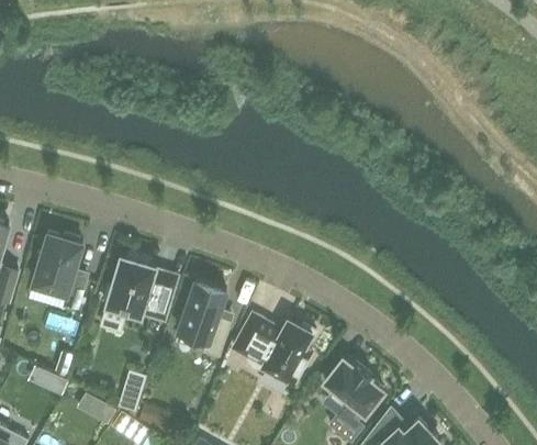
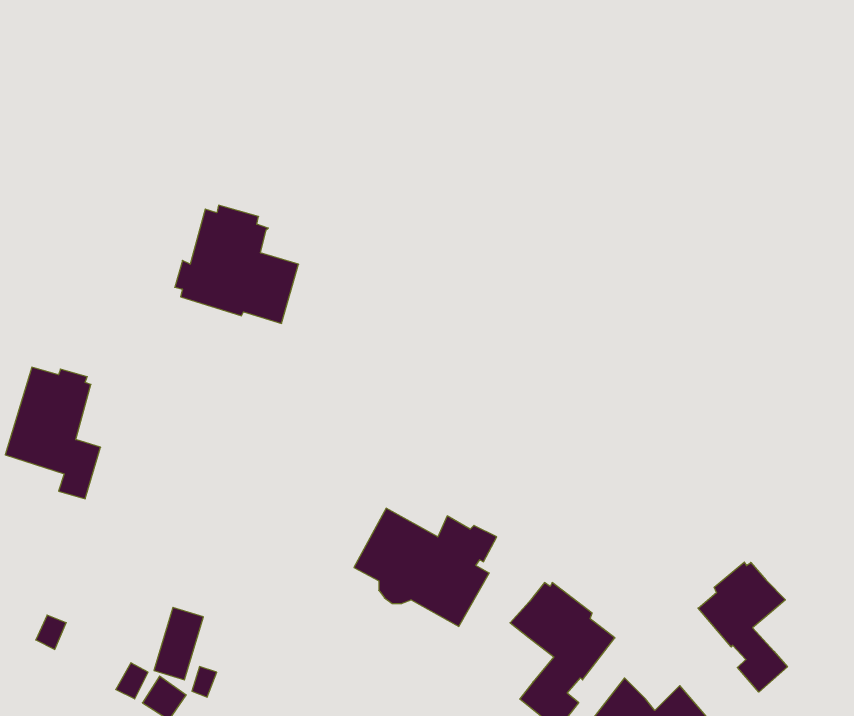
building: [102,254,174,322] -> [175,205,299,323]
building: [178,280,232,358] -> none
building: none -> [698,562,787,692]

